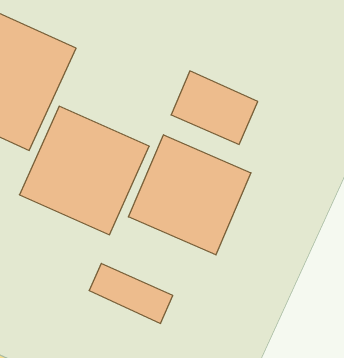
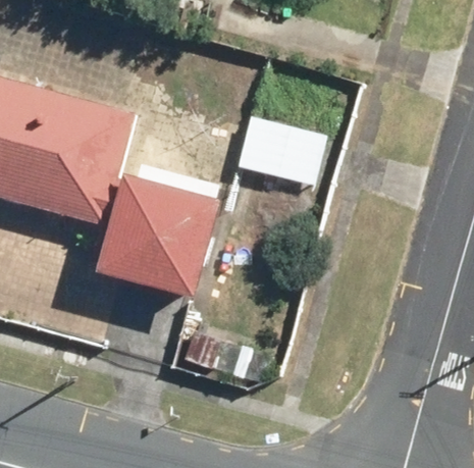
building: [128,135,251,255] -> none

